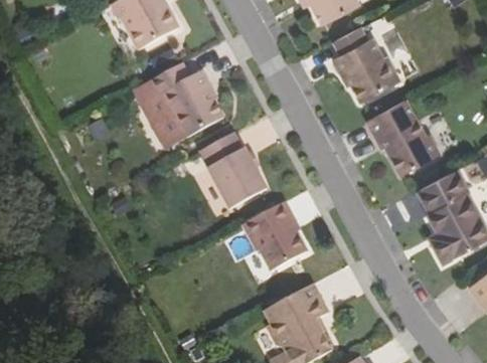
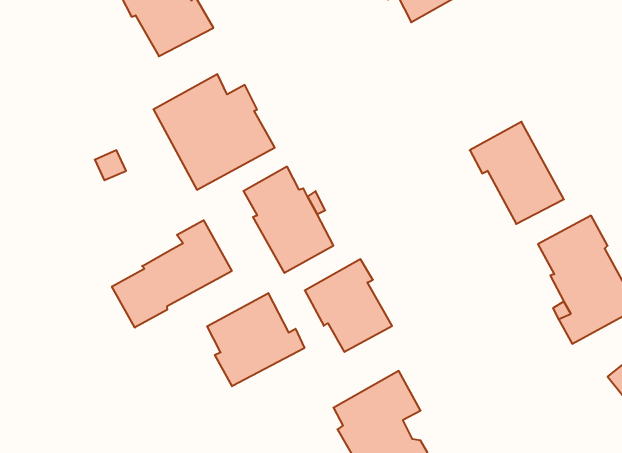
building: [333,26,395,101] -> none
building: none -> [112,220,232,328]
building: none -> [207,293,304,386]

